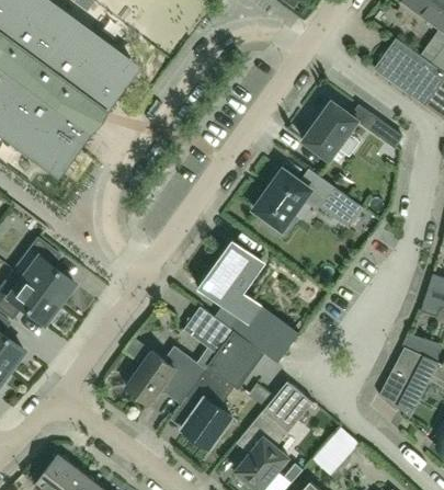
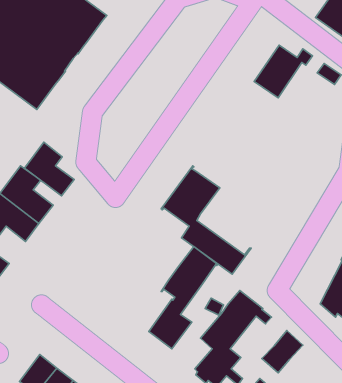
building: [254,170,364,237] -> none
building: none -> [25,142,74,196]
building: [184,307,235,354] -> none
building: [126,346,206,404] -> none

